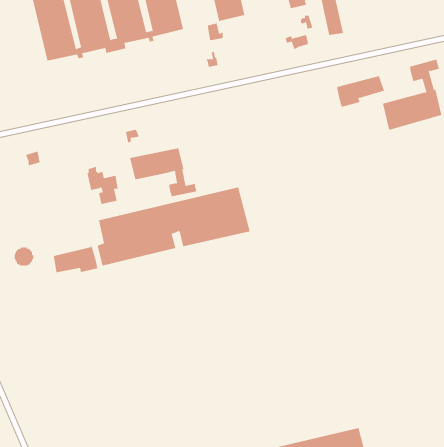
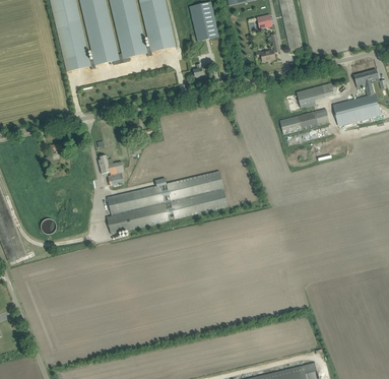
building: none -> [279,108,329,134]
building: [129,148,197,197] -> none
building: [53,246,98,273] -> none

